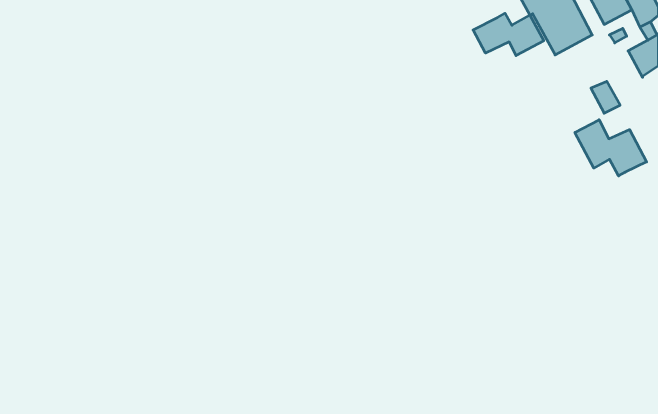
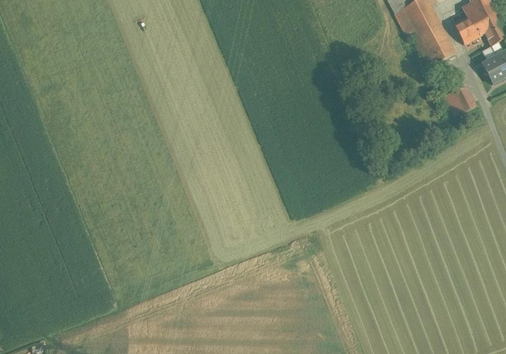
building: [473,13,544,56] -> none
building: [575,120,647,176] -> none

